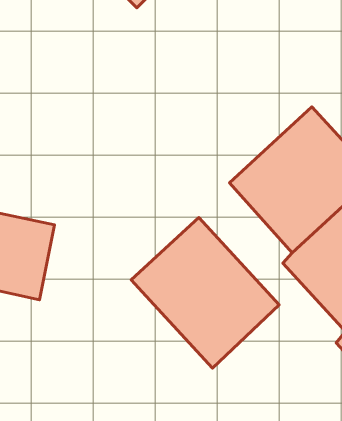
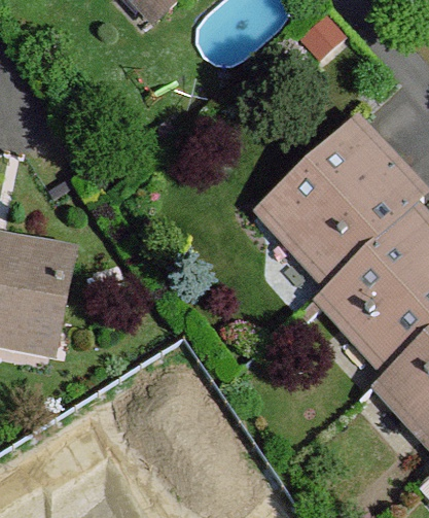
building: [131,217,279,368] -> none

